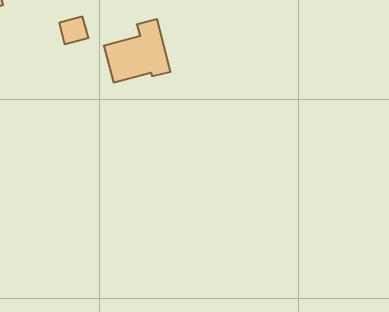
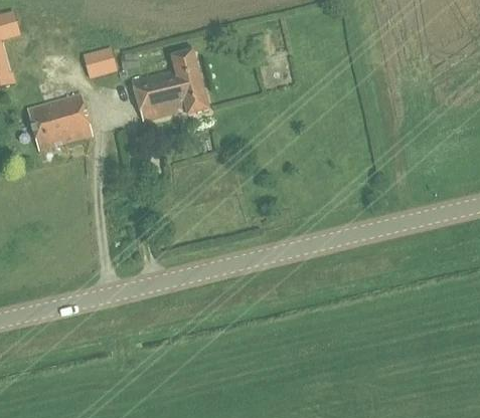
building: none -> [23,90,92,149]

